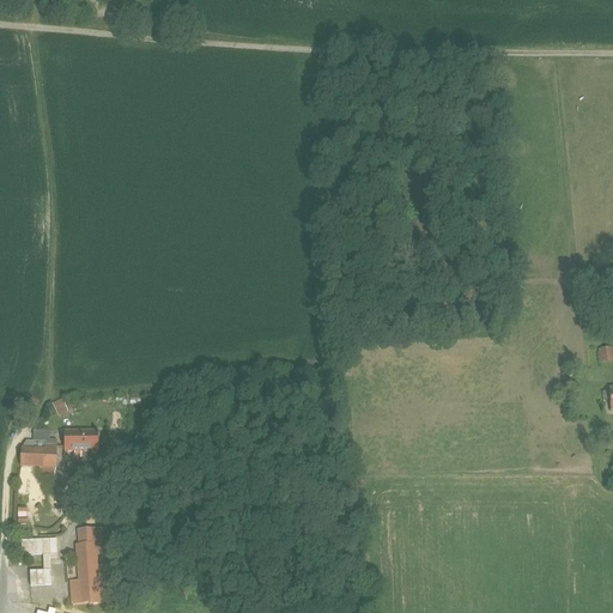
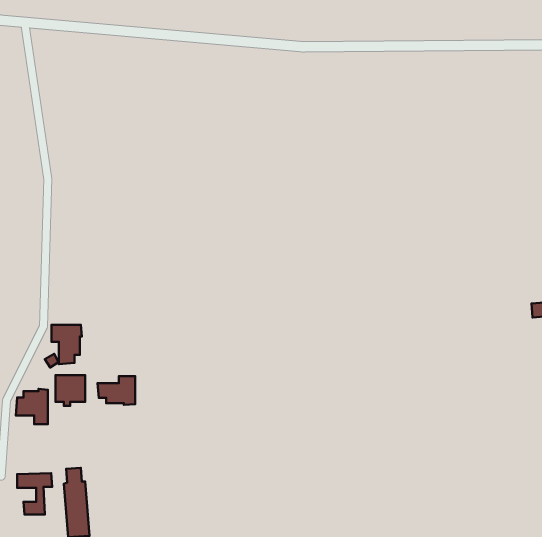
building: none -> [51,325,82,364]
building: none -> [97,376,135,405]

